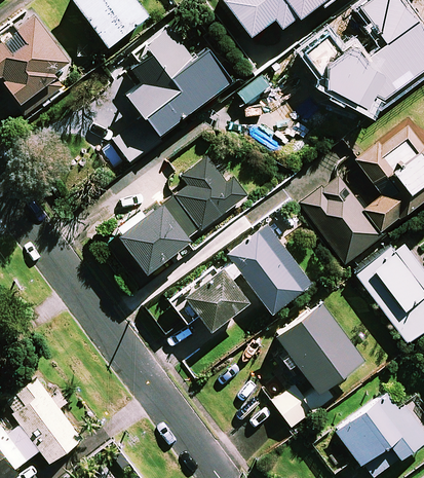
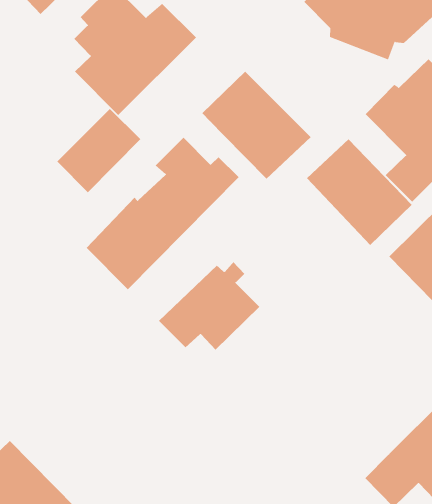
building: none -> [56,108,141,193]
building: [227,224,311,312] -> [202,71,311,180]
building: [272,301,362,429] -> none

